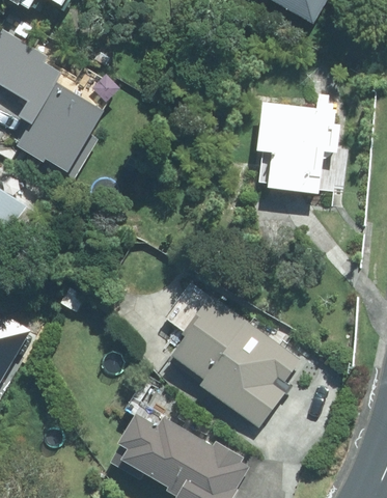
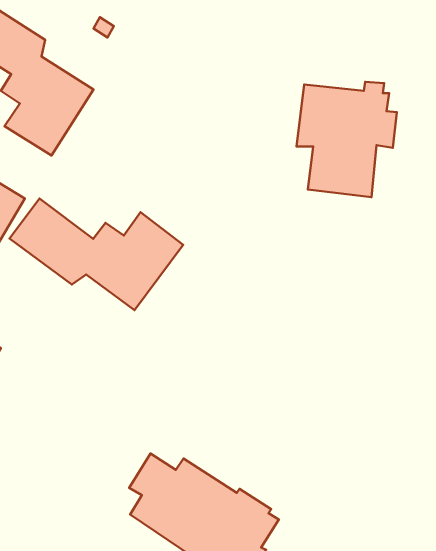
building: none -> [9,198,183,310]
building: [160,279,294,428] -> none

